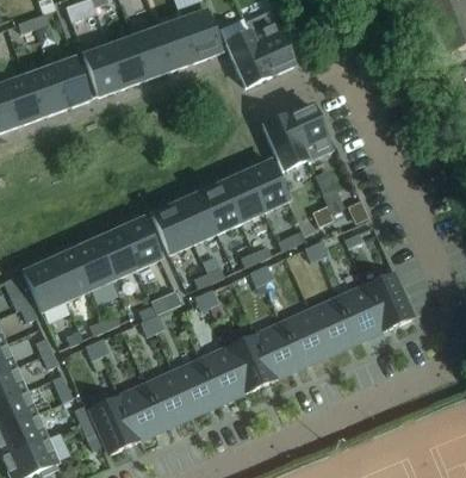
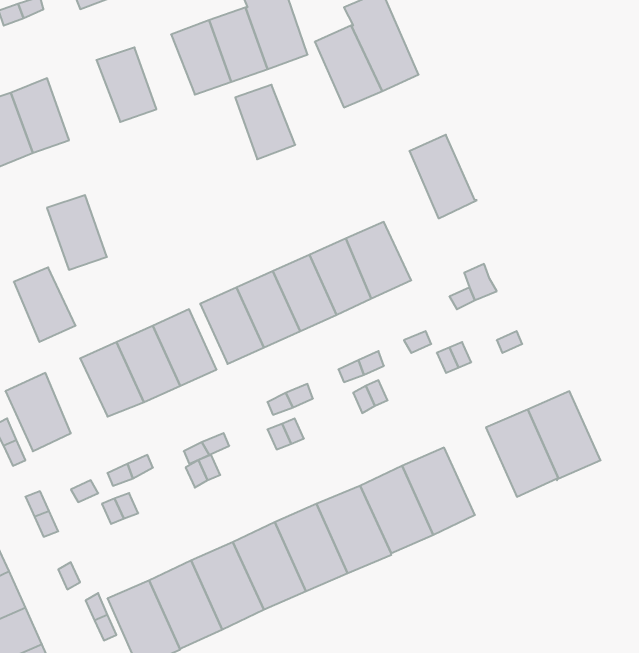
building: [107,38,147,87] -> [235,85,295,159]
building: [50,58,89,107] -> [47,195,107,270]
building: [262,114,306,169] -> none
building: [49,250,89,299] -> [14,267,76,342]
building: [310,296,358,353] -> none

